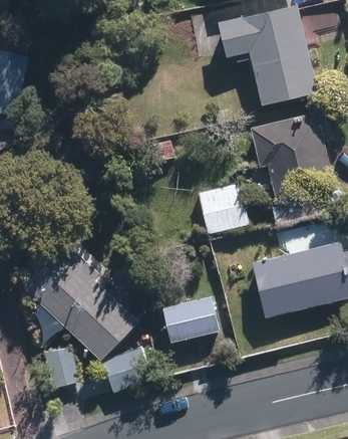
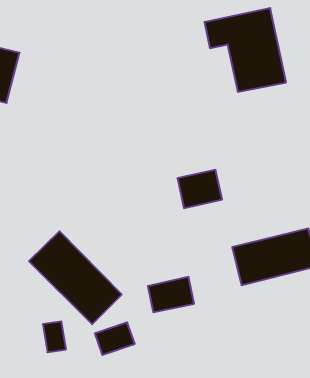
building: [254,117,327,203] -> none

